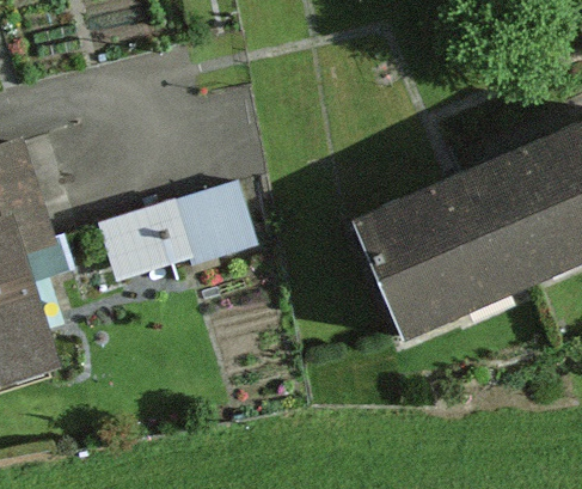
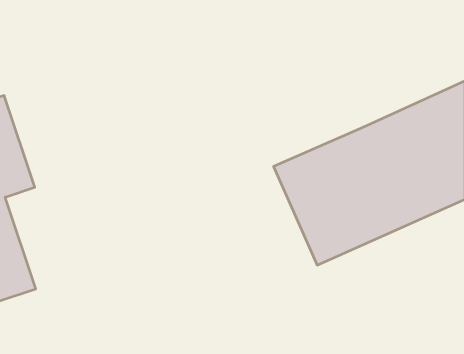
building: [99,181,256,277] -> none

